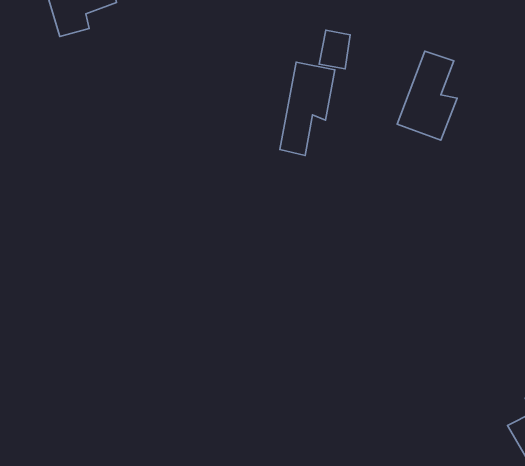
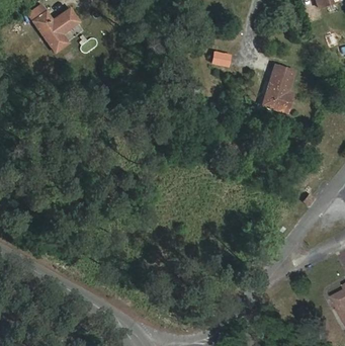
building: [280,62,335,156] -> none

